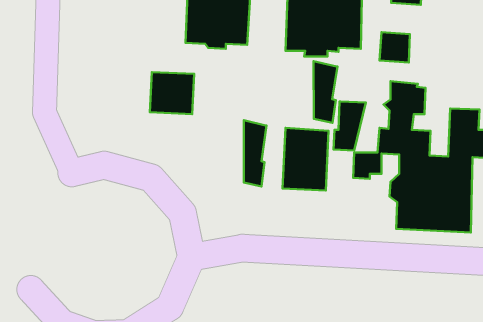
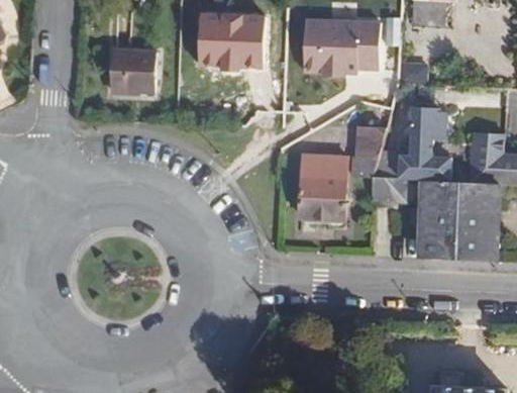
building: [313,61,337,123] -> none
building: [150,72,194,114] -> [109,50,154,93]
building: [244,120,266,187] -> none

